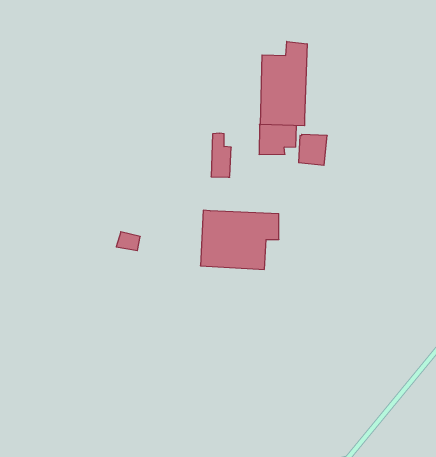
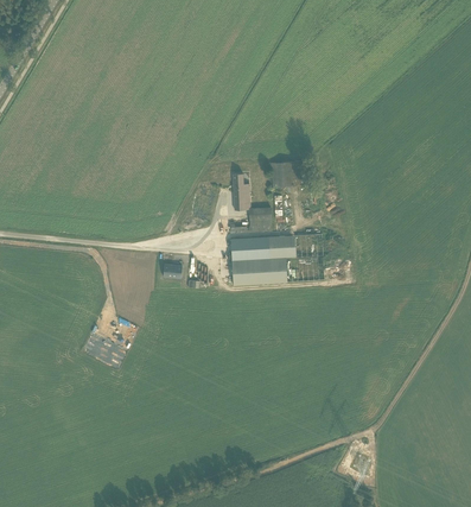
building: [261,41,307,126] -> none
building: [299,134,327,165] -> [249,204,272,229]

